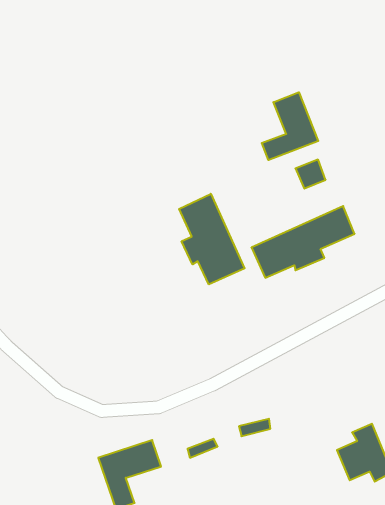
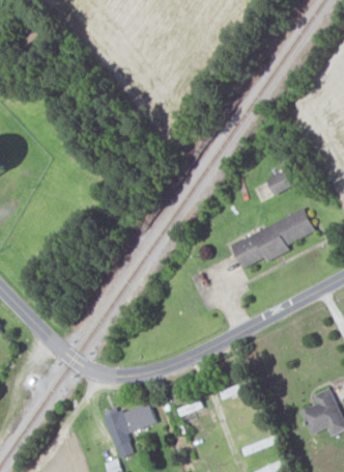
building: [262,92,318,160] -> none
building: [179,194,245,284] -> none

